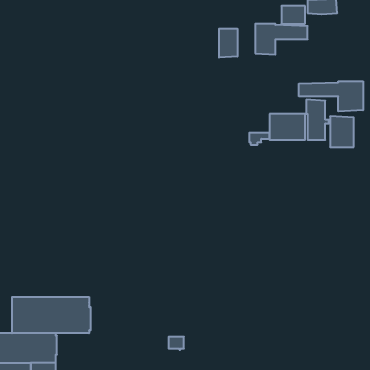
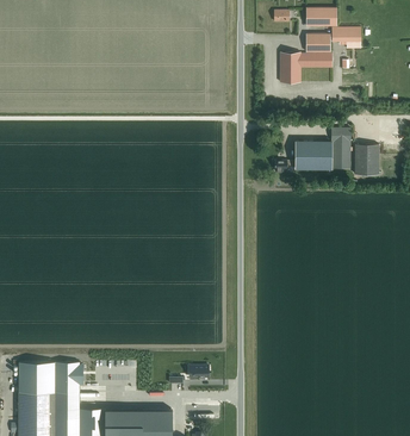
building: [219,29,237,58] -> none
building: [299,81,363,111] -> none
building: [12,297,91,333] -> none

